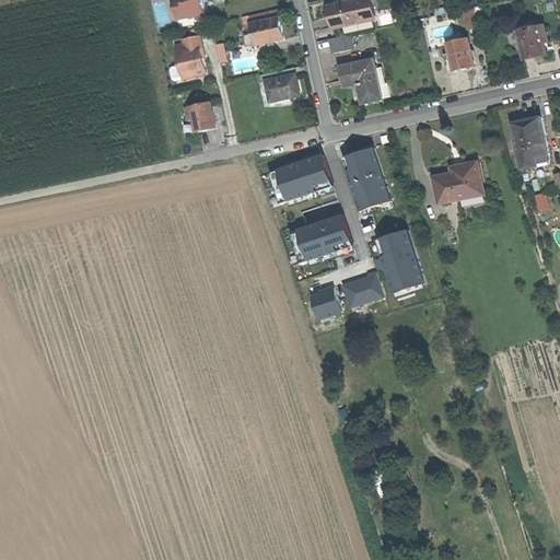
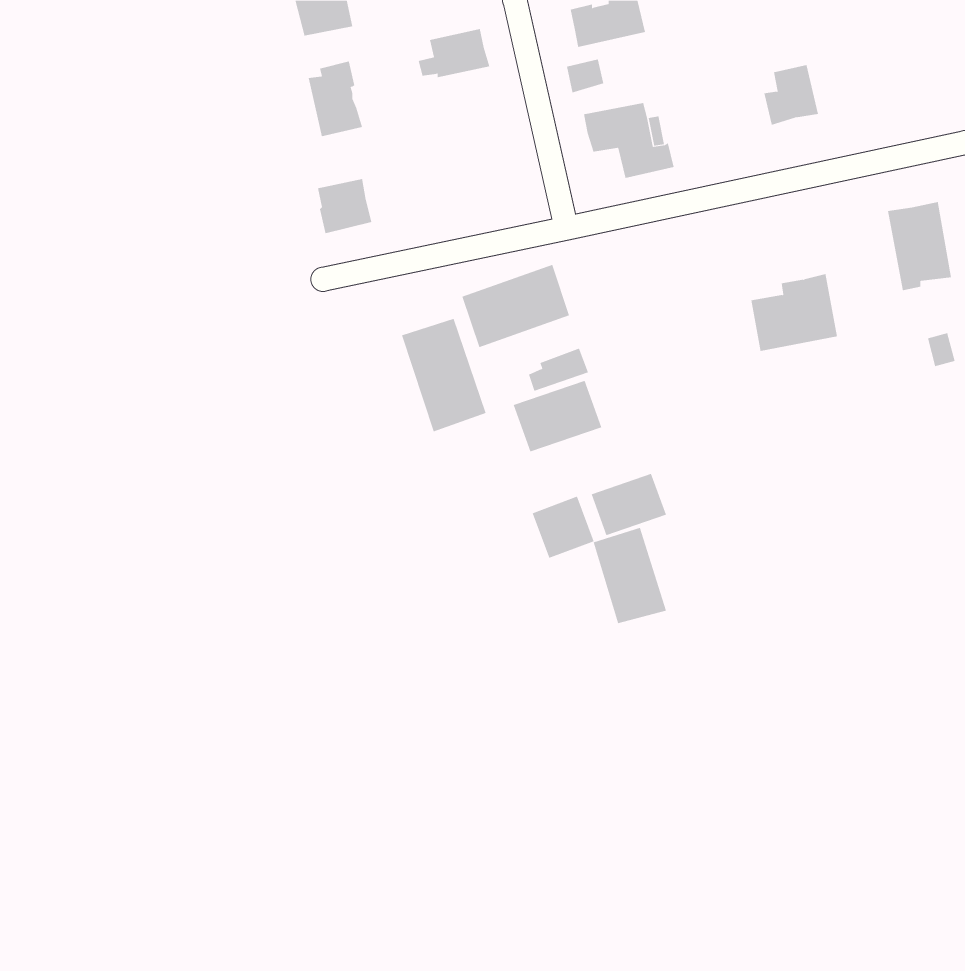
building: [514,22,544,58] -> none
building: [261,72,301,107] -> none
building: [338,142,387,208] -> [401,318,486,432]
building: [377,229,420,284] -> [593,527,667,624]

